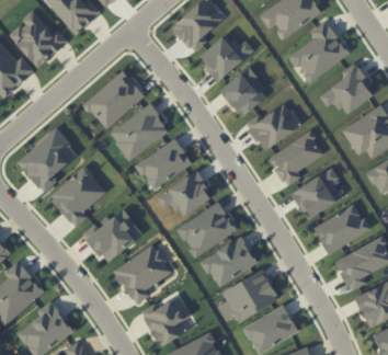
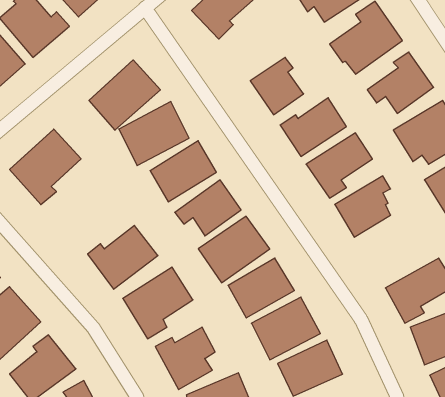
building: [198,34,255,81] -> none
building: [48,167,107,229] -> none
building: [313,204,370,254] -> none

